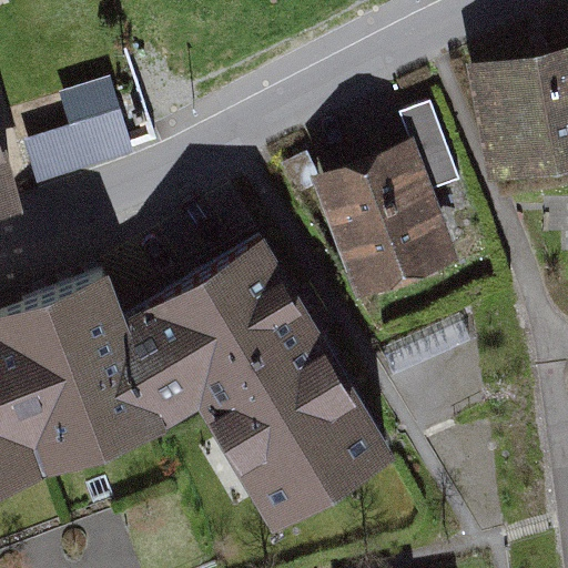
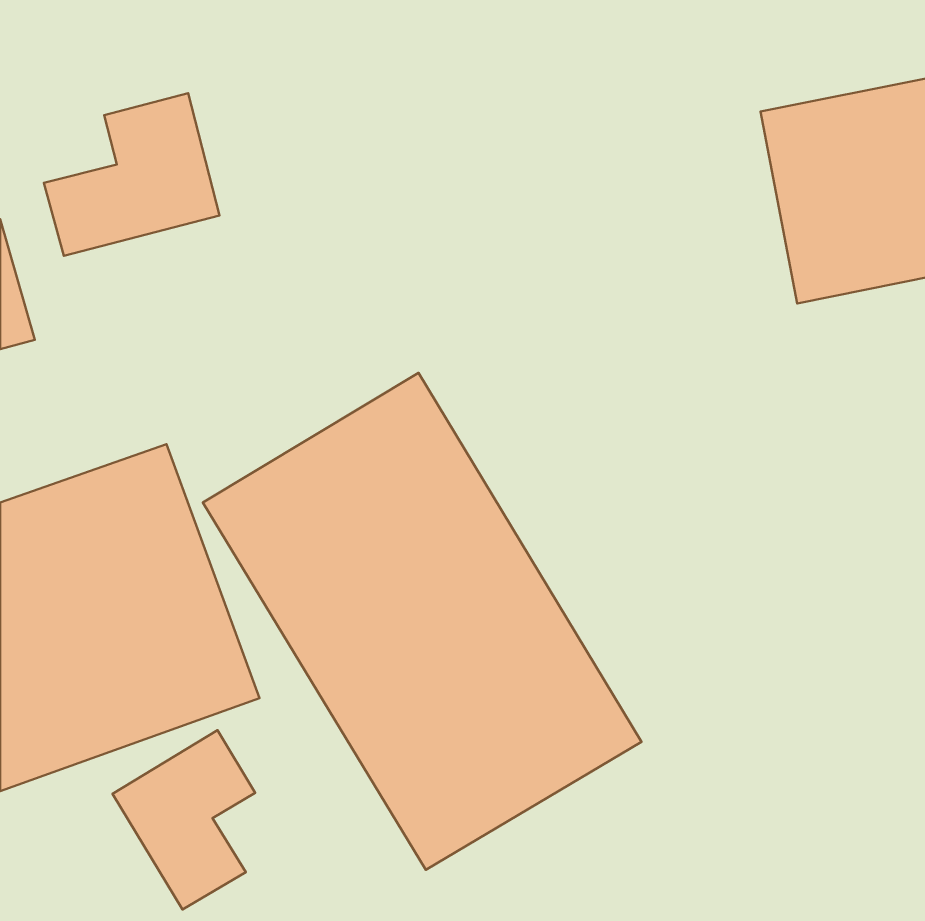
building: [313,115,464,304] -> none
building: none -> [113,730,255,909]

